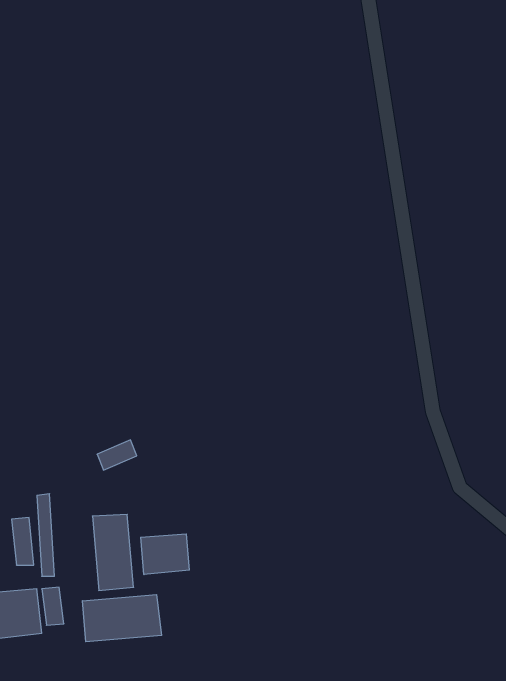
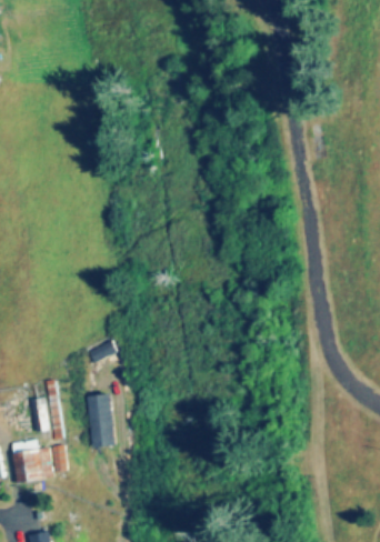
building: [141,534,189,575] -> none
building: [82,595,162,642] -> none

